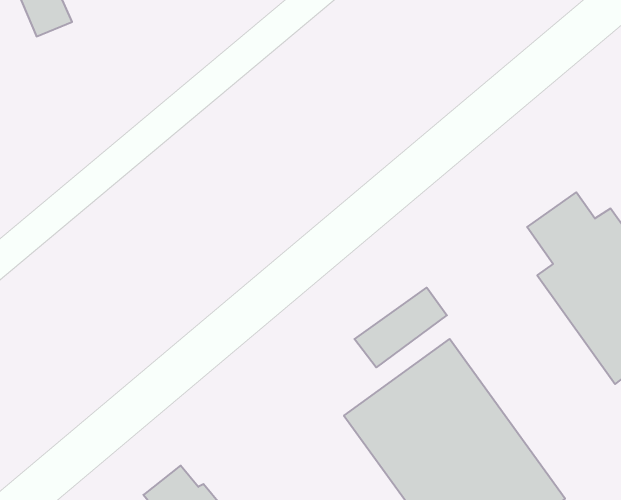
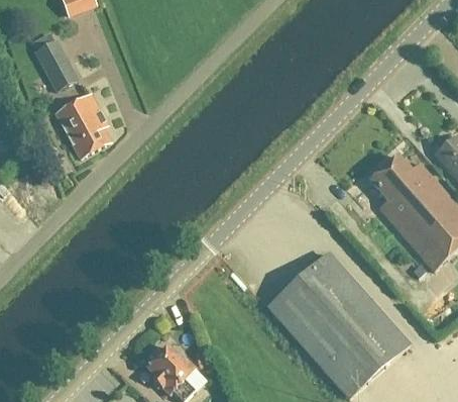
building: none -> [55,92,110,157]
building: [354,288,447,367] -> none

